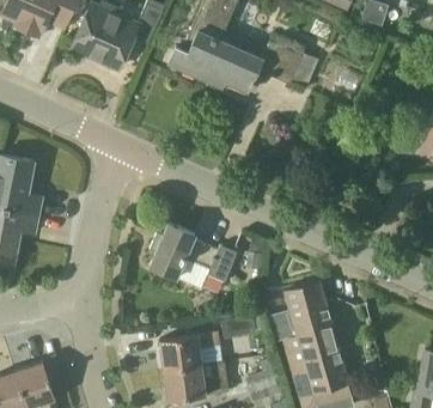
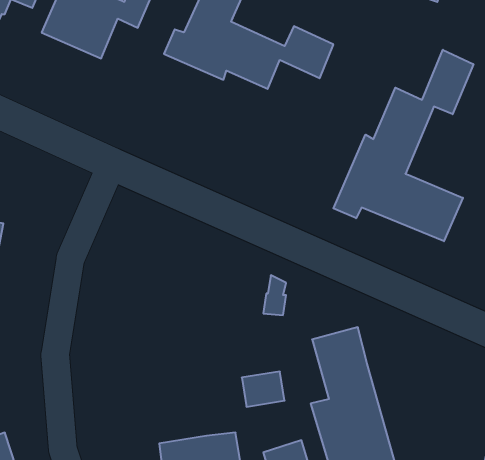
building: none -> [333,50,473,241]
building: [150,223,237,288] -> none
building: [159,331,218,370] -> none

